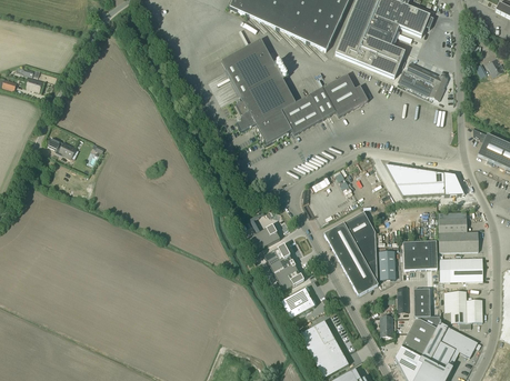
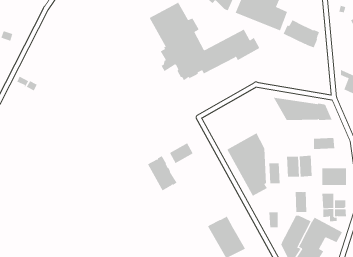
building: [438,230,478,251] -> none
building: [263,243,303,290] -> [147,156,177,191]
building: [280,287,314,319] -> none

